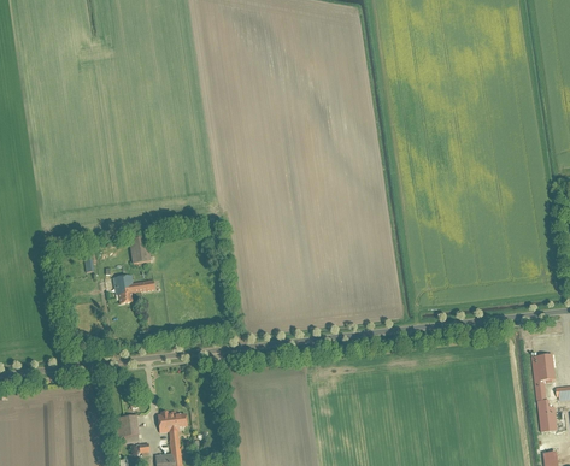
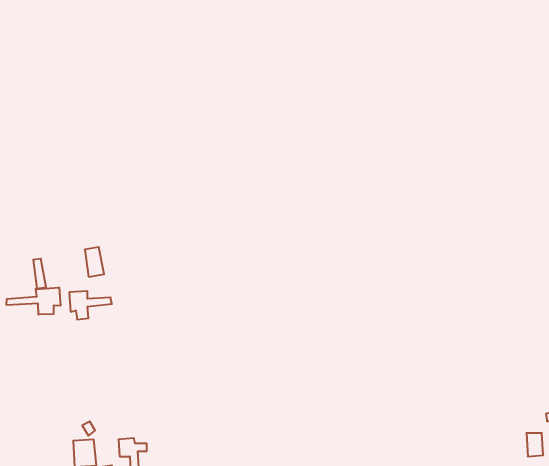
building: none -> [6,287,60,315]
building: [531,355,554,401] -> none

